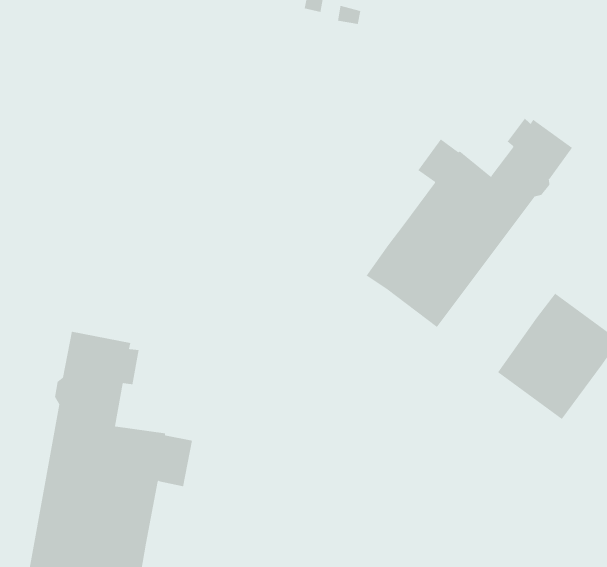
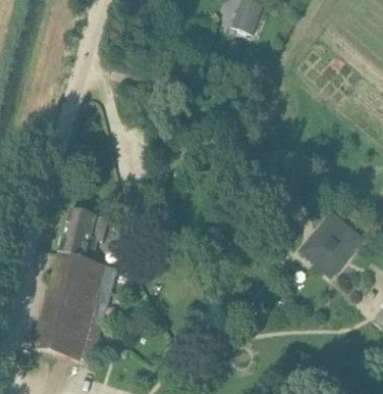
building: [366,118,573,328] -> none

